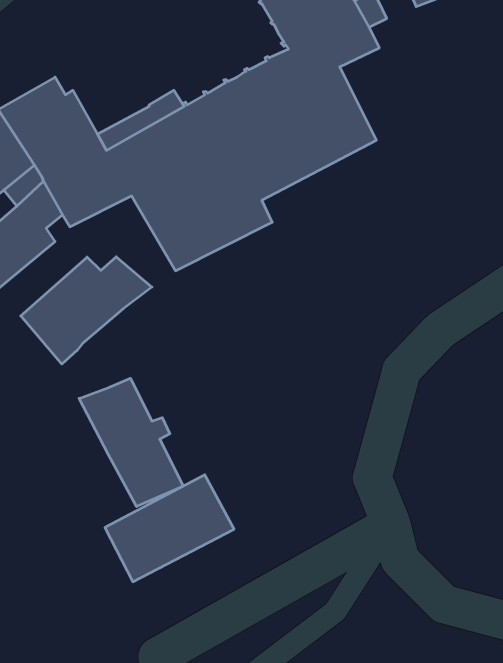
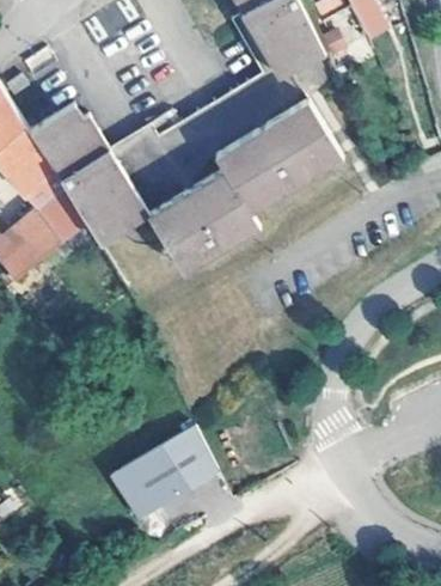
building: [21,257,152,364] -> none
building: [79,378,183,507] -> none

